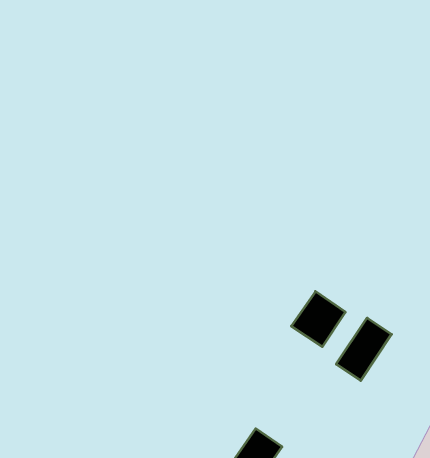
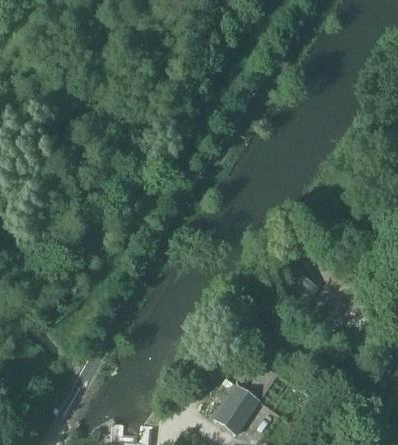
building: [336,318,392,381] -> none

